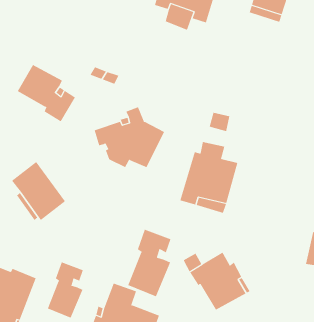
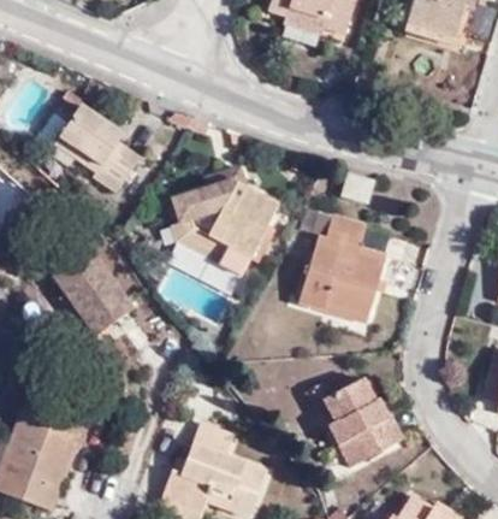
building: none -> [170,220,250,275]
building: [128,229,171,297] -> none
building: [47,262,83,318] -> none

